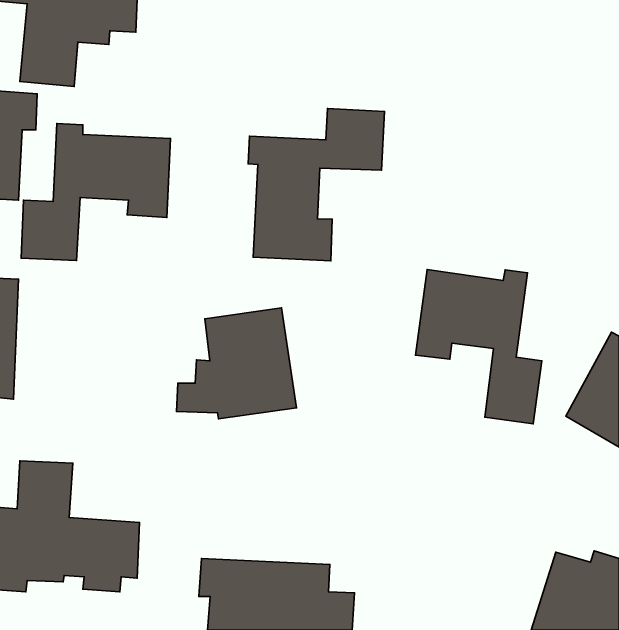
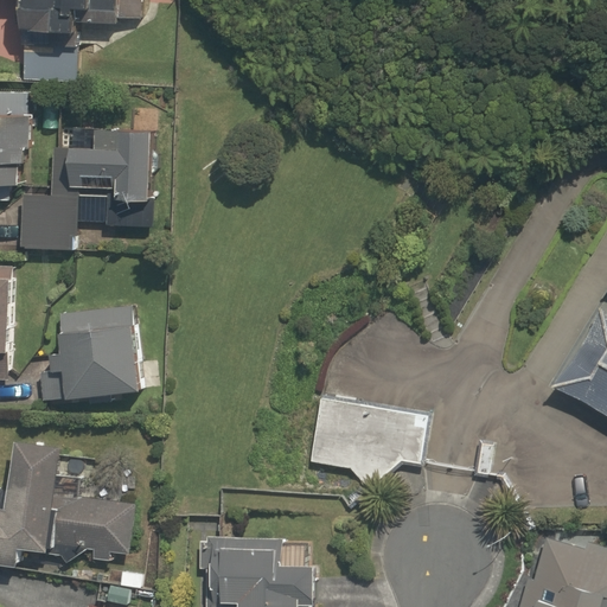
building: [248,109,385,261] -> none
building: [416,270,542,424] -> none
building: [177,308,296,419] -> [33,299,148,405]
building: none -> [301,408,422,498]

